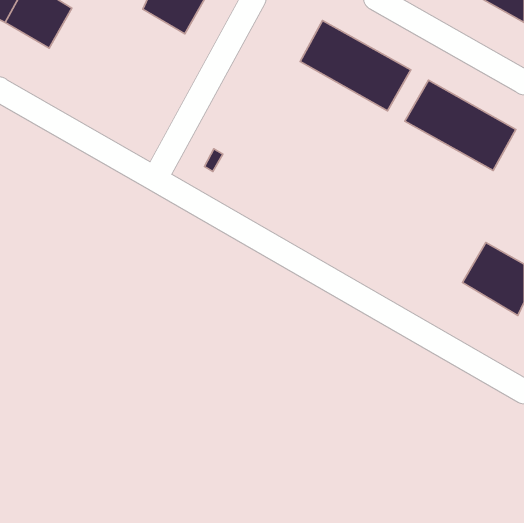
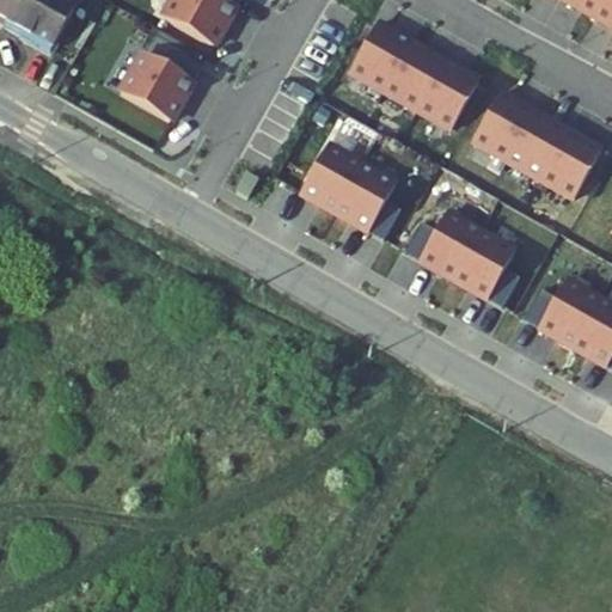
building: none -> [123,45,195,115]
building: none -> [299,147,394,233]
building: none -> [420,214,512,299]

